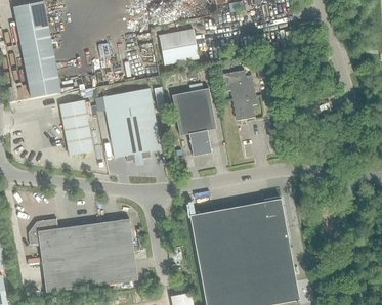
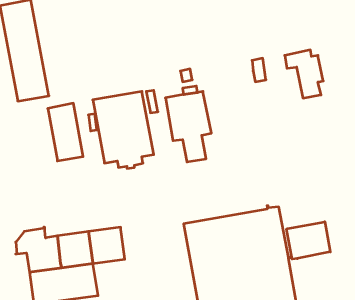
building: [159,30,198,63] -> none
building: [219,72,256,118] -> [285,50,323,98]
building: none -> [287,222,330,259]
building: [102,249,137,284] -> none

